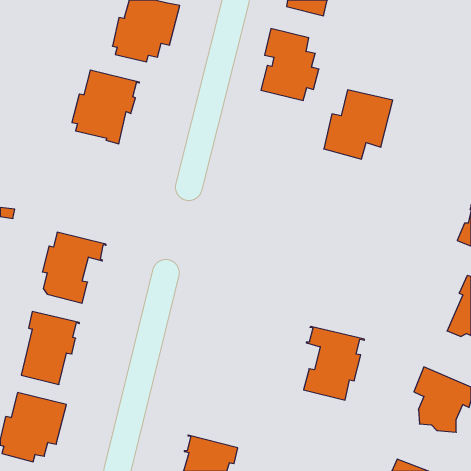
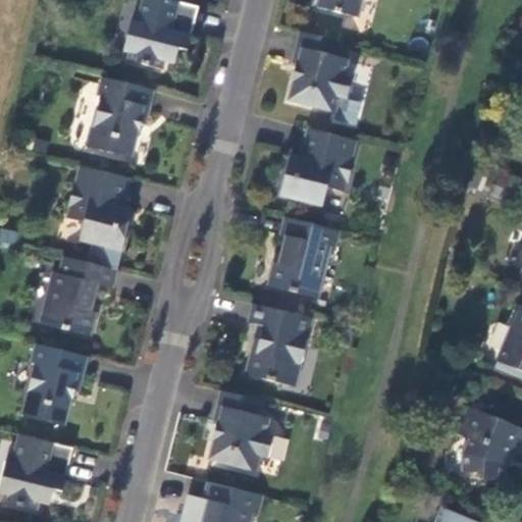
building: [324,90,393,159] -> [280,129,357,206]
building: none -> [67,167,133,251]
building: none -> [267,217,340,296]
building: [304,326,364,400] -> [245,304,312,385]
building: none -> [210,390,273,470]

